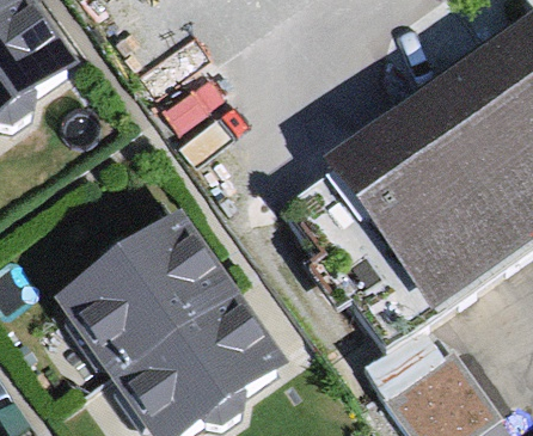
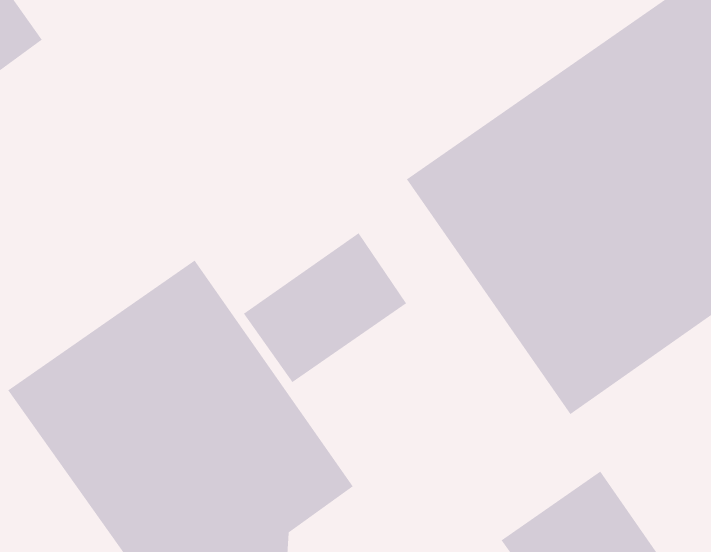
building: none -> [243,232,407,383]

